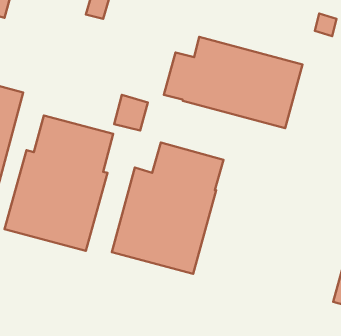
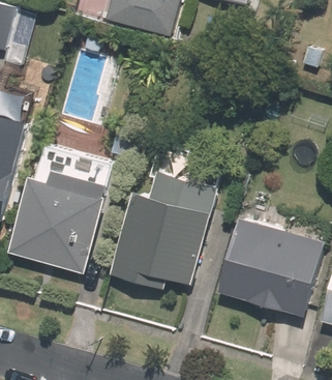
building: [164,37,302,128] -> none
building: none -> [218,218,324,317]

